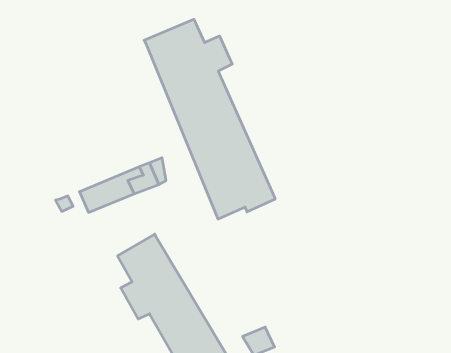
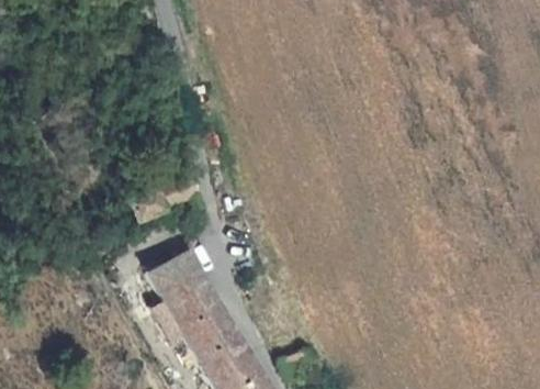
building: [144,19,275,219] -> none

